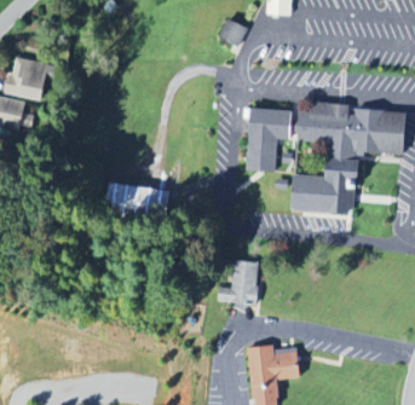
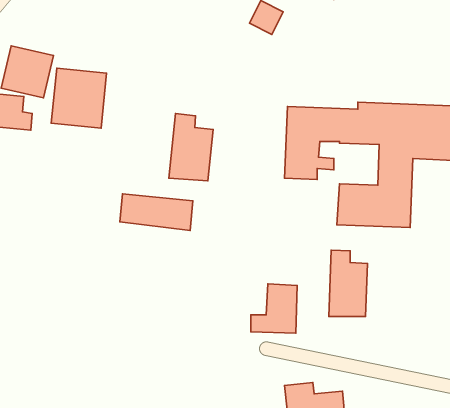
building: none -> [51,68,107,128]
building: none -> [169,114,213,181]
building: none -> [329,250,368,316]

